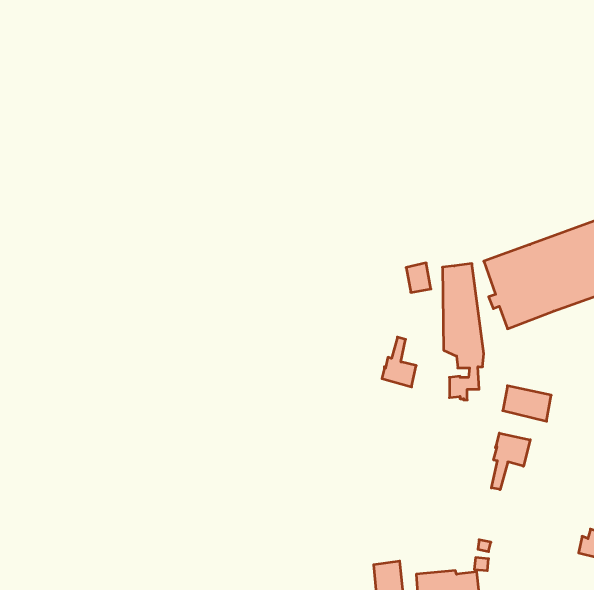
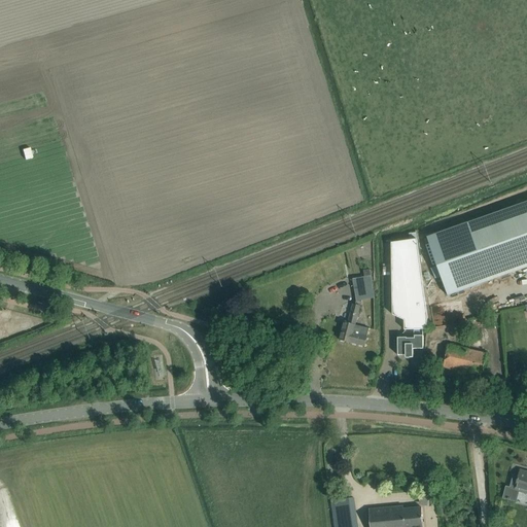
building: [406,263,431,292] -> [352,275,374,301]
building: [491,433,530,490] -> none

